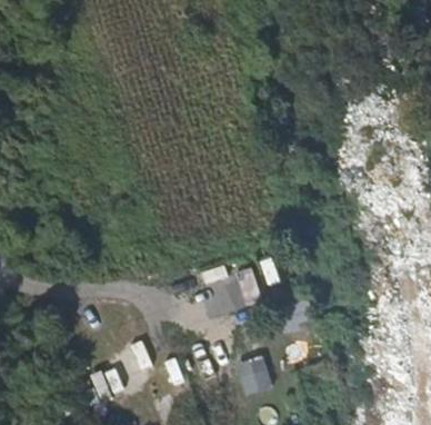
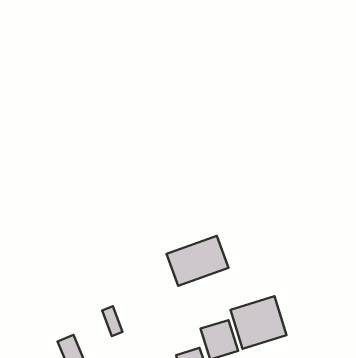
building: none -> [230,296,286,349]

